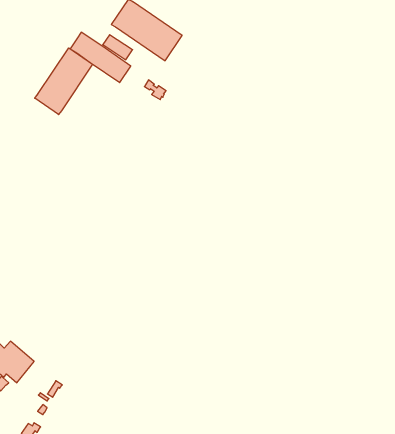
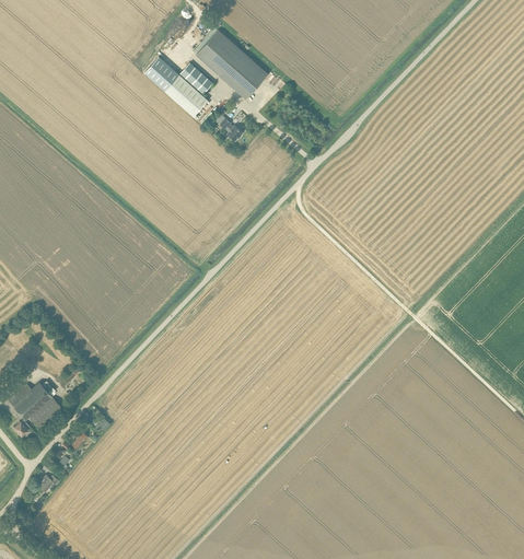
building: [35,48,93,115] -> none

